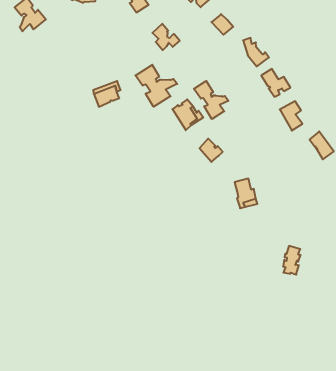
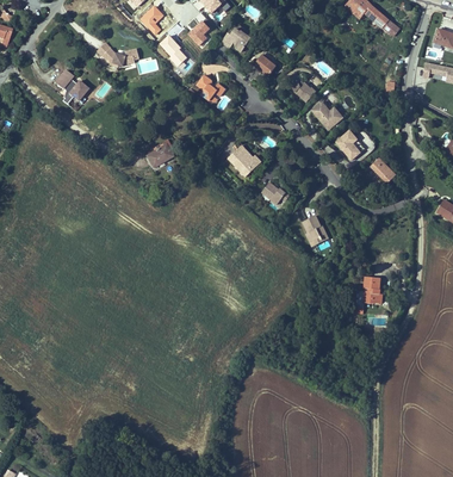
building: [135,65,177,107] -> none
building: [194,81,228,119] -> none

